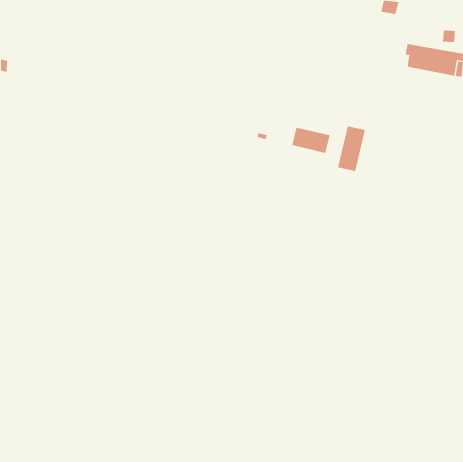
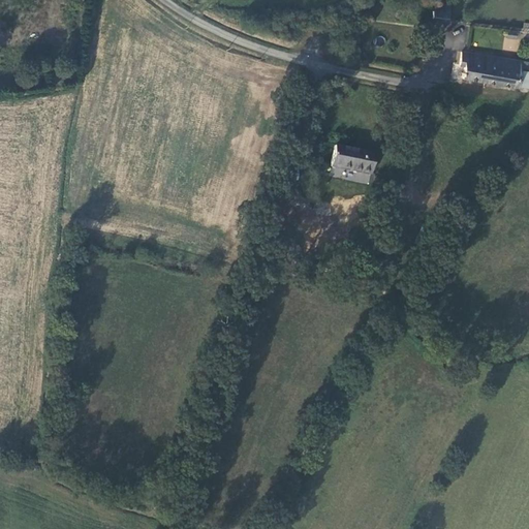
building: [337,125,365,172] -> none

